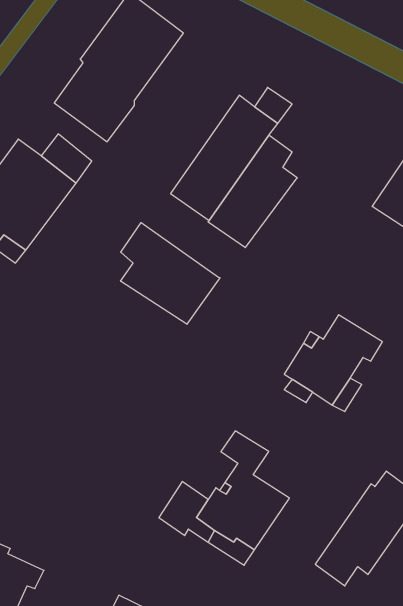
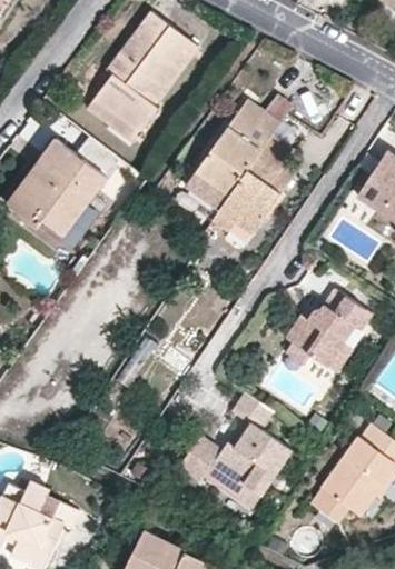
building: [121,223,220,324] -> none

